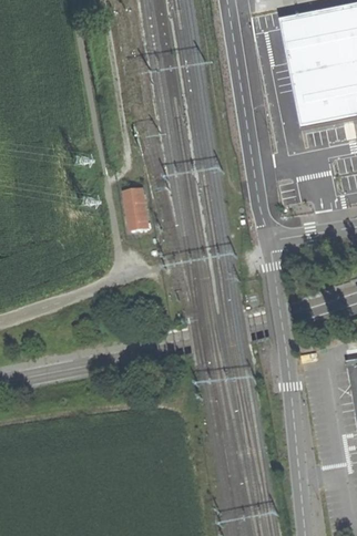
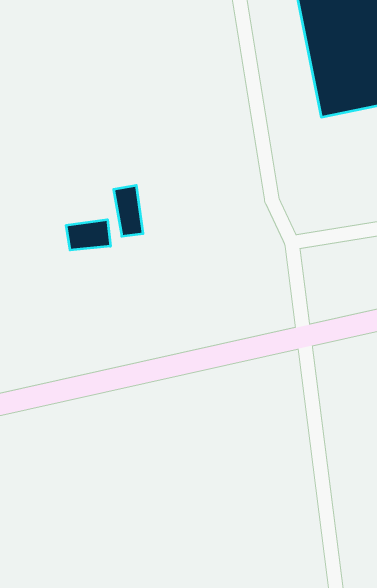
building: none -> [66,220,110,250]

